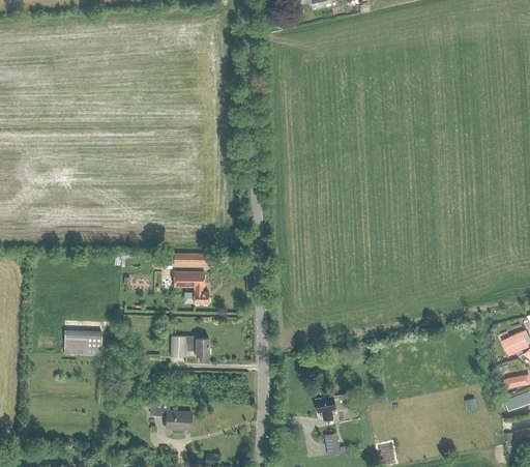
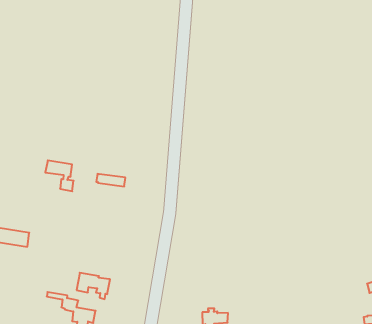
building: [174,271,208,303] -> [45,160,74,191]
building: [172,334,209,361] -> [77,273,110,299]

